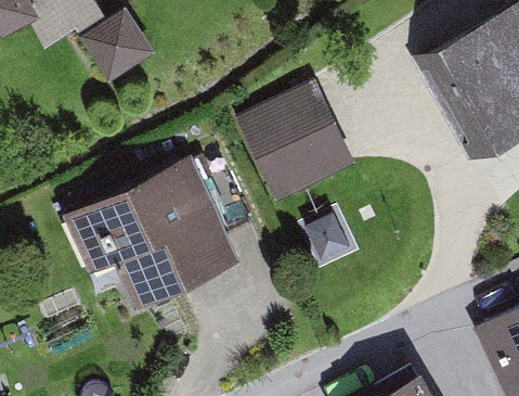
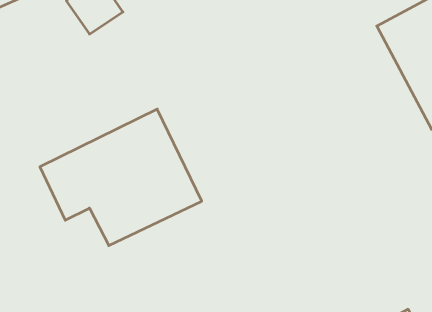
building: [239,76,371,213] -> none

